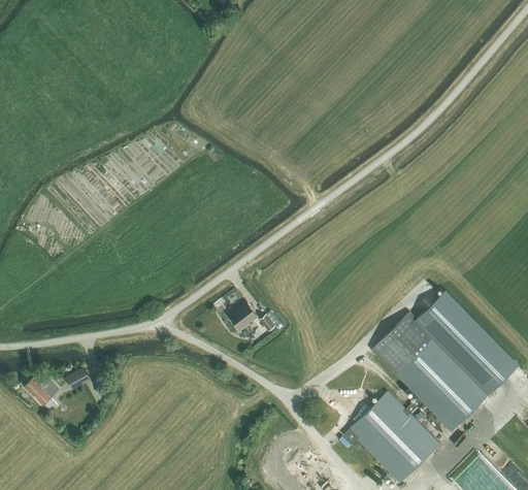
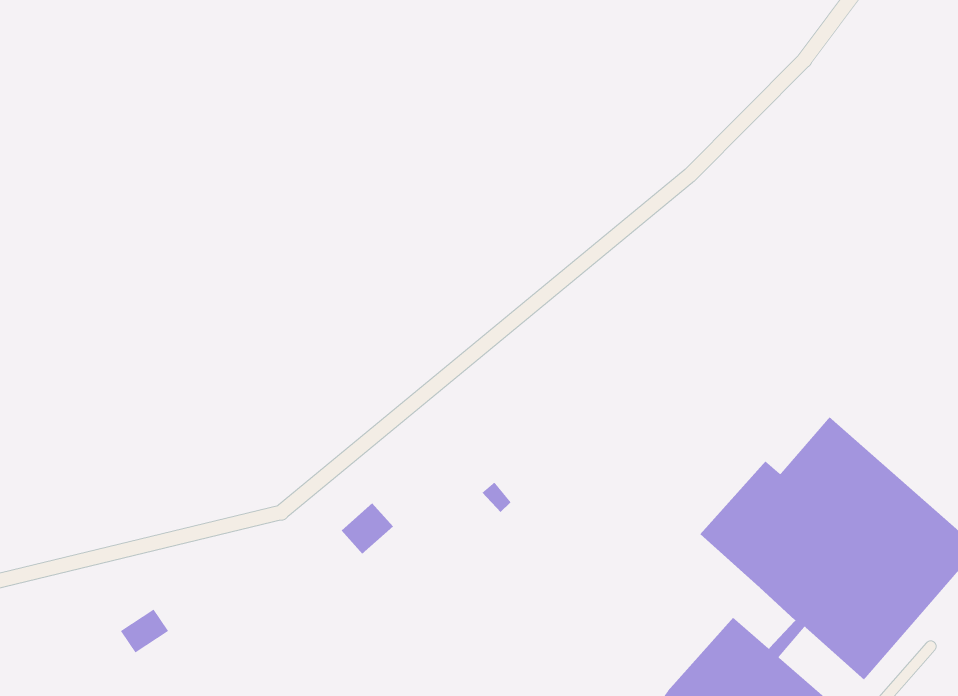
building: [230,302,258,329] -> [341,502,394,555]
building: [25,370,60,405] -> none

